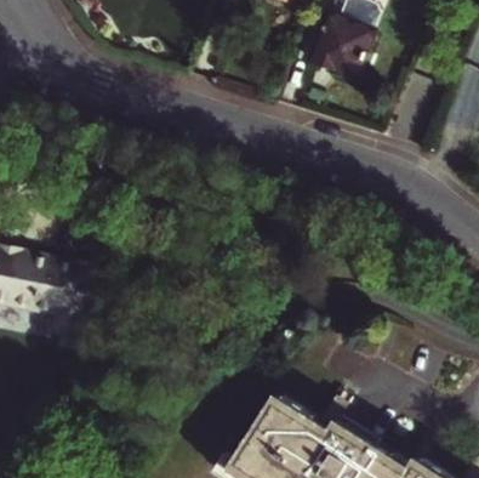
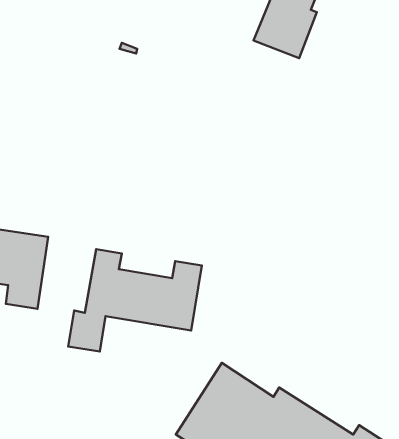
building: none -> [68,249,202,351]

